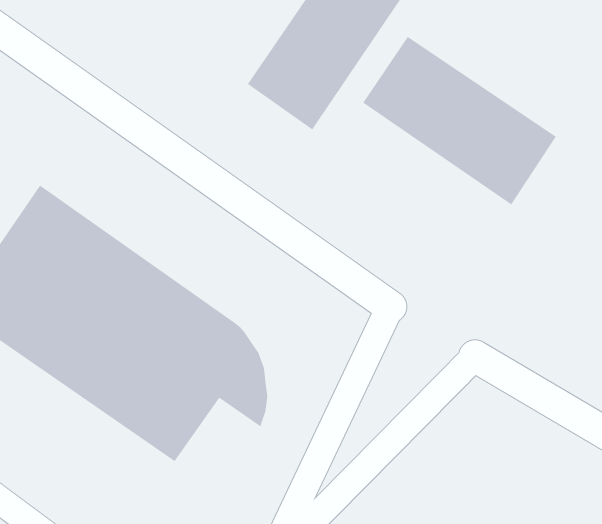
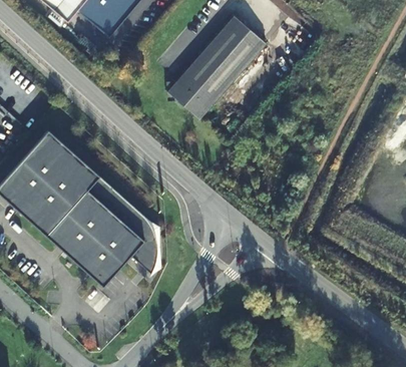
building: [362,36,557,205] -> none

